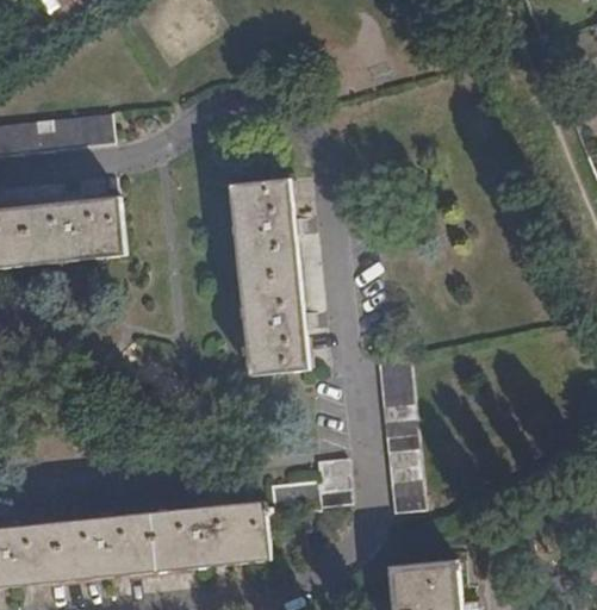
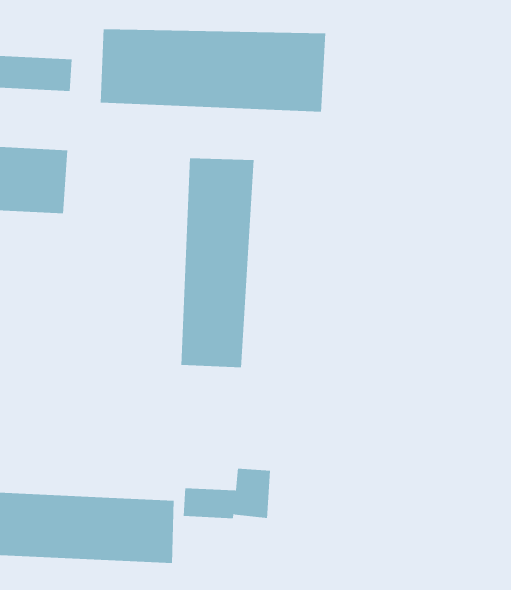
building: none -> [100,28,326,112]
building: [377,360,424,515] -> none

